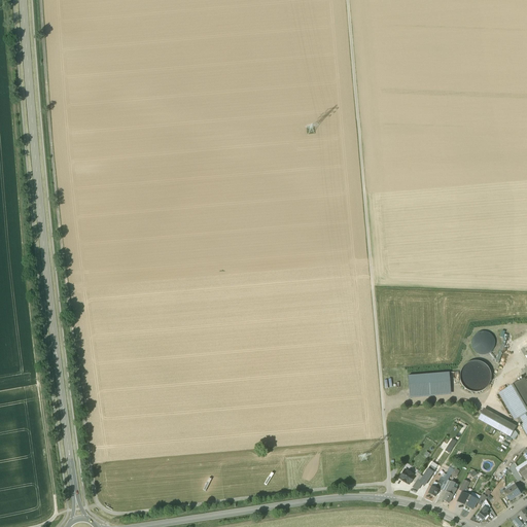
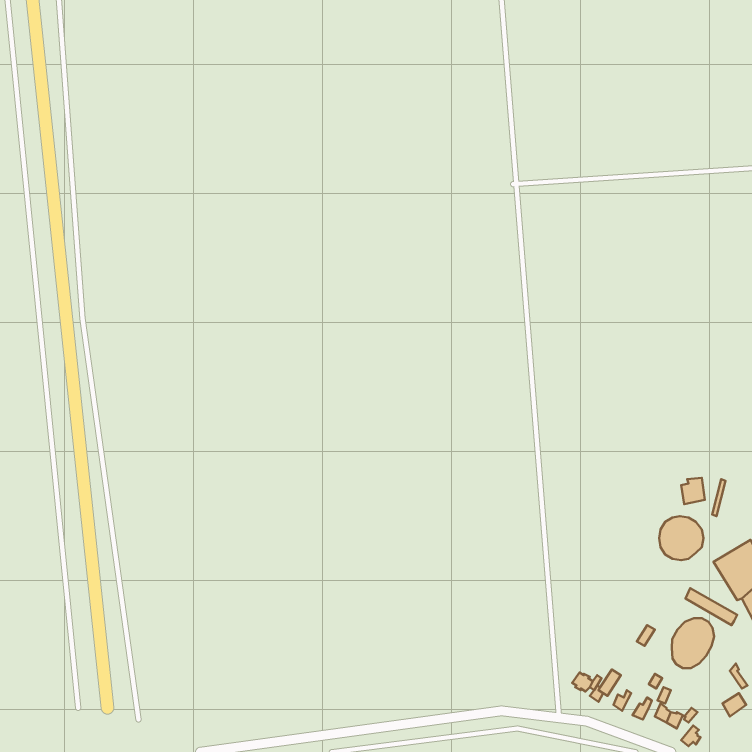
building: [410,368,452,394] -> none
building: none -> [672,618,714,668]

